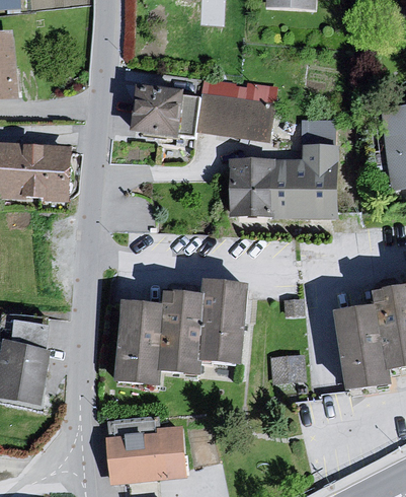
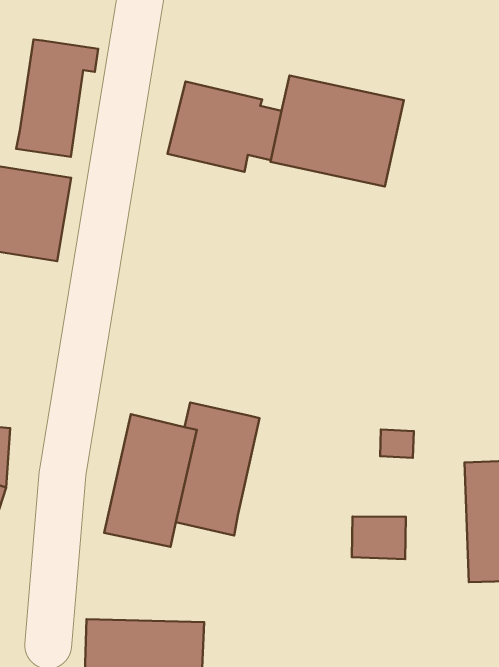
building: none -> [16,40,98,157]
building: [228,116,339,218] -> none
building: [197,279,250,364] -> none

